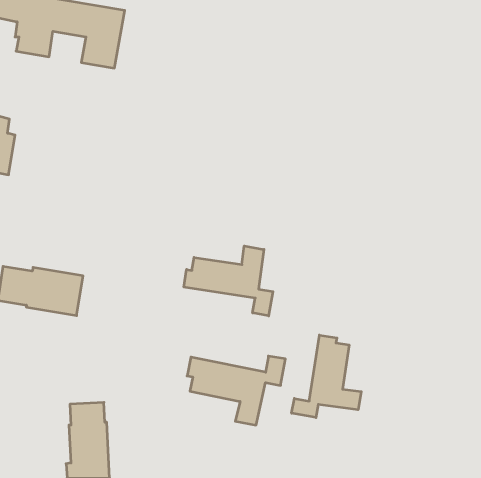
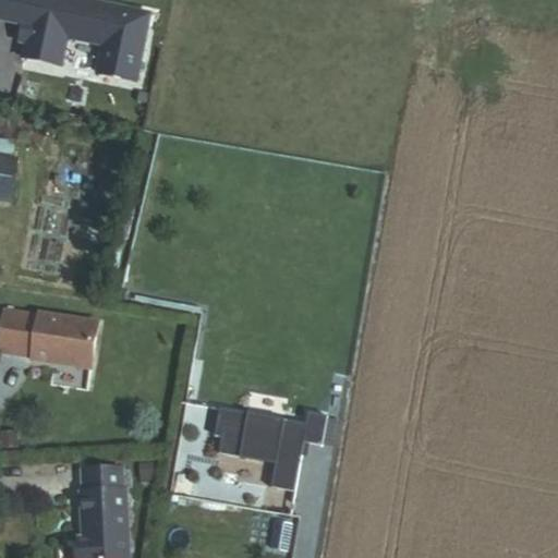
building: [184,246,273,316] -> none
building: [292,335,361,418] -> none

